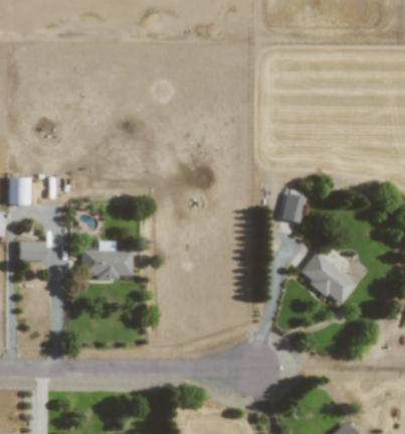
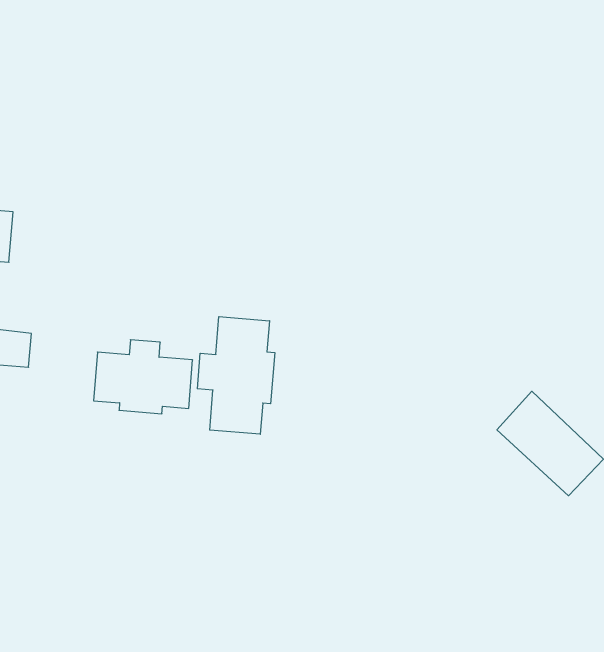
building: [281,193,306,223] -> none
building: none -> [197,317,275,434]

